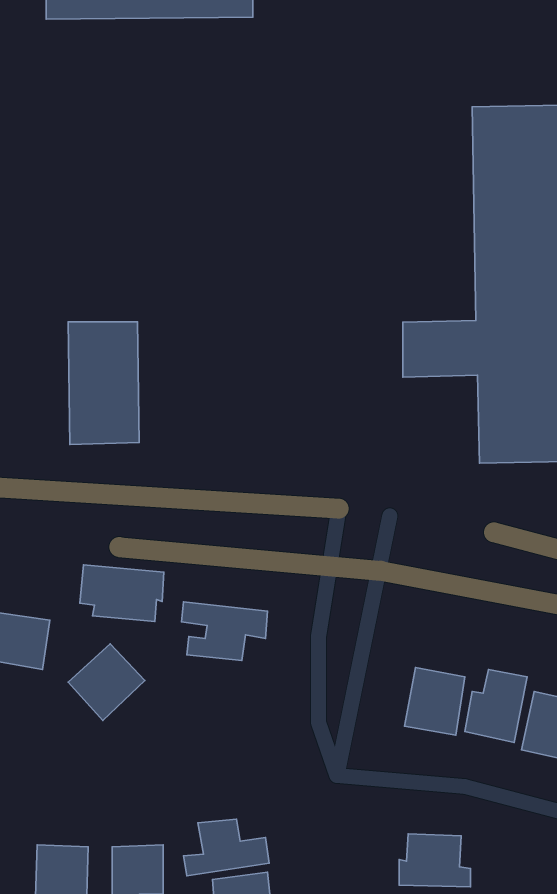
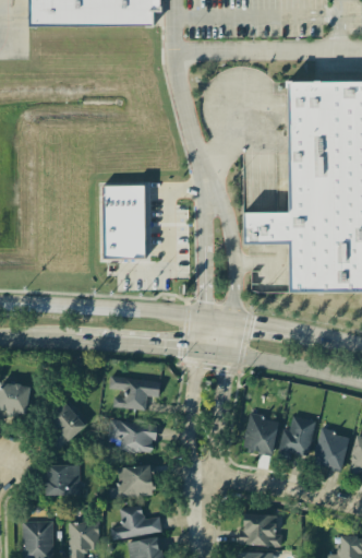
building: [68,322,139,444] -> [102,186,145,259]
building: [80,565,164,621] -> [108,419,158,453]
building: none -> [47,465,81,496]
building: none -> [110,465,155,499]

